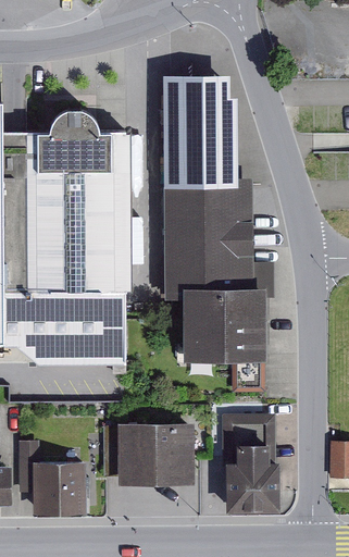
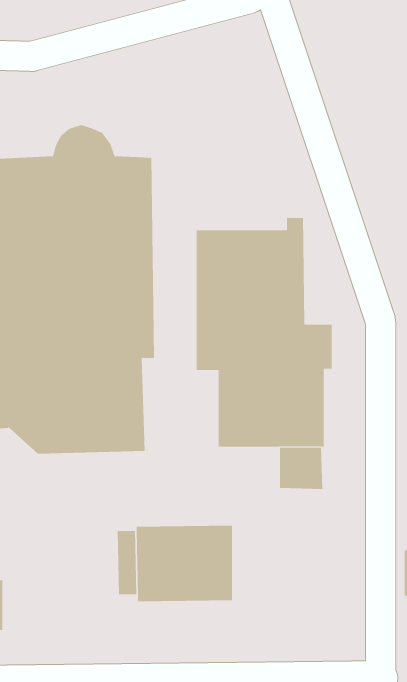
building: [162,74,236,188] -> none
building: [220,414,279,511] -> none
building: [17,443,86,515] -> none

